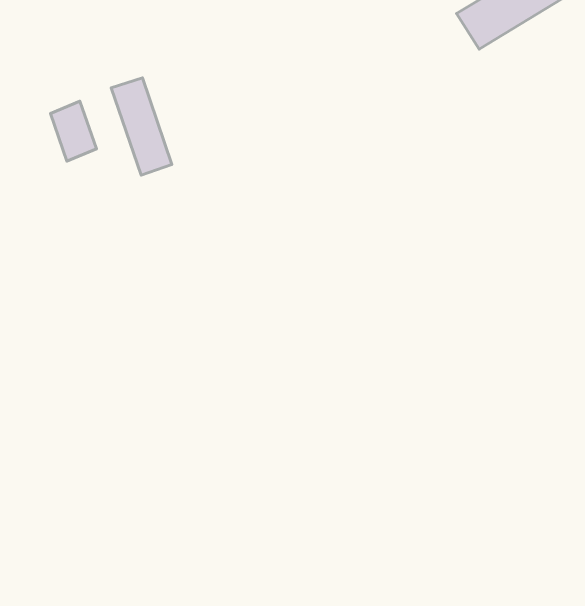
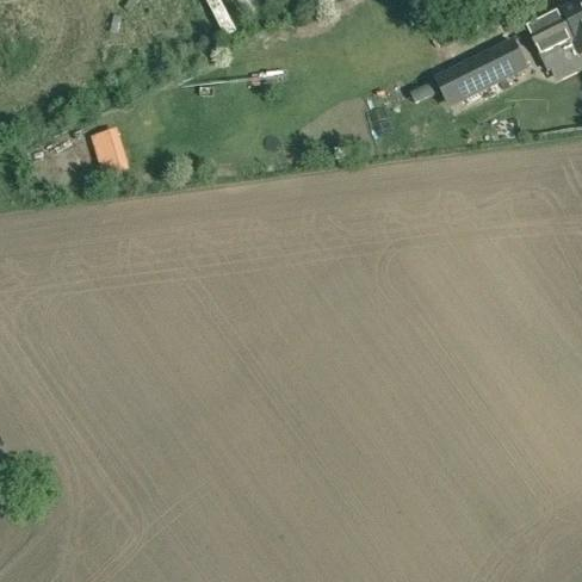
building: [111,78,172,175] -> none

